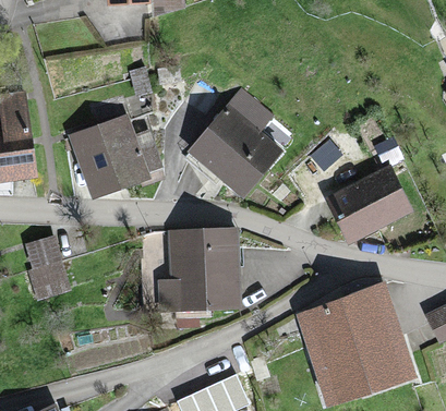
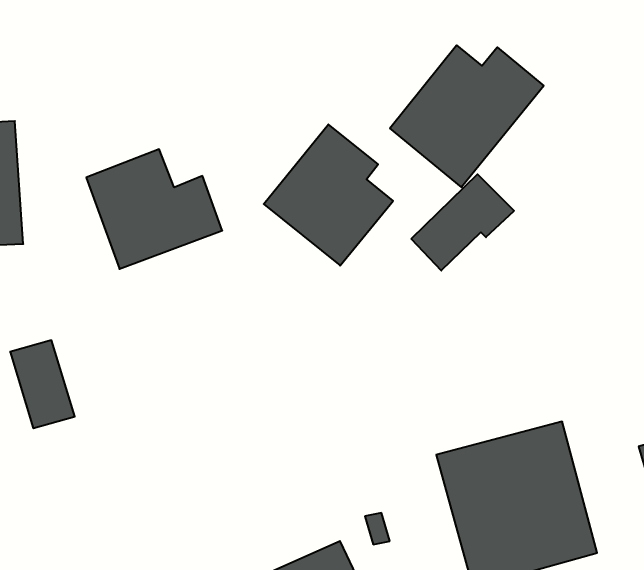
building: none -> [390,45,544,187]
building: [333,174,408,243] -> none
building: [165,230,237,306] -> none

